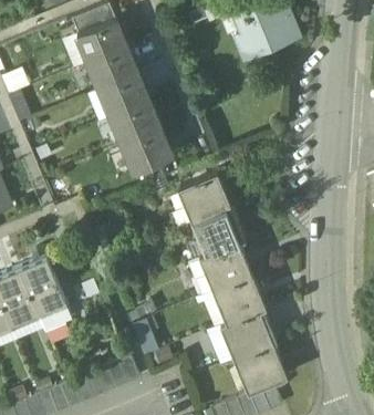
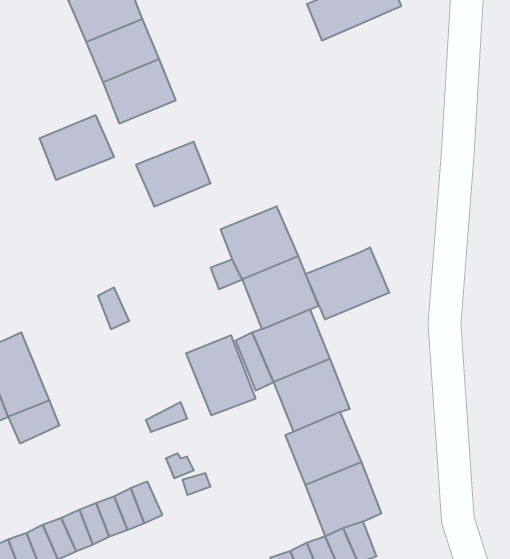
building: [111,102,160,145] -> [39,115,114,180]
building: none -> [306,247,389,319]
building: none -> [186,335,255,415]

